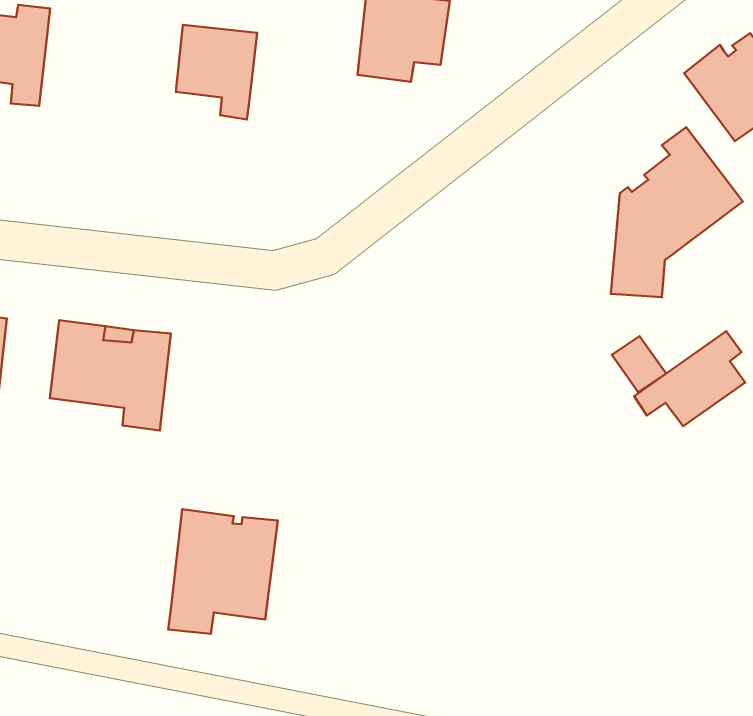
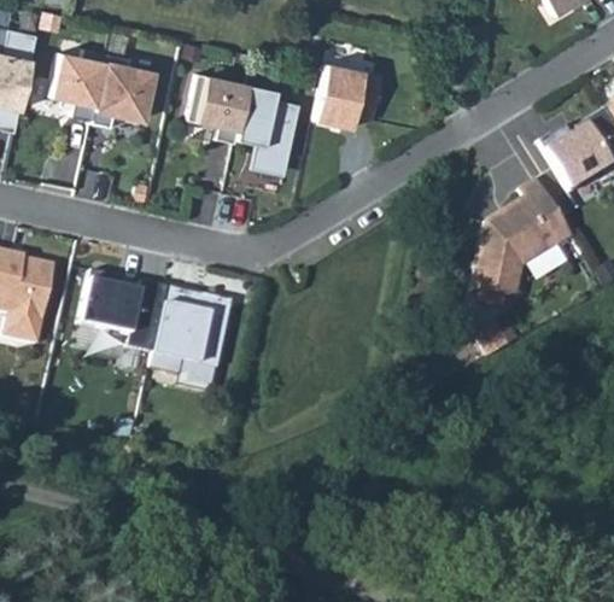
building: none -> [90,54,152,128]
building: none -> [236,86,298,171]
building: [634,331,745,426] -> none
building: [168,509,278,634] -> [148,287,232,375]

